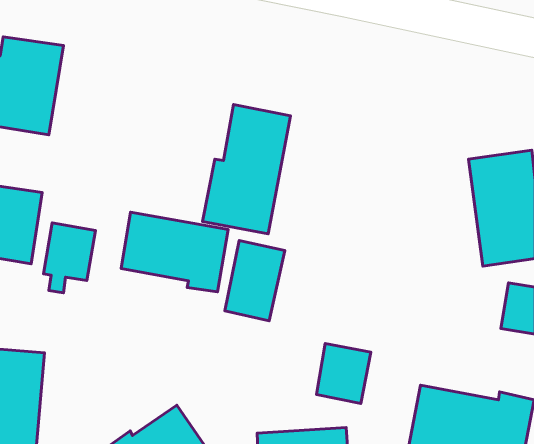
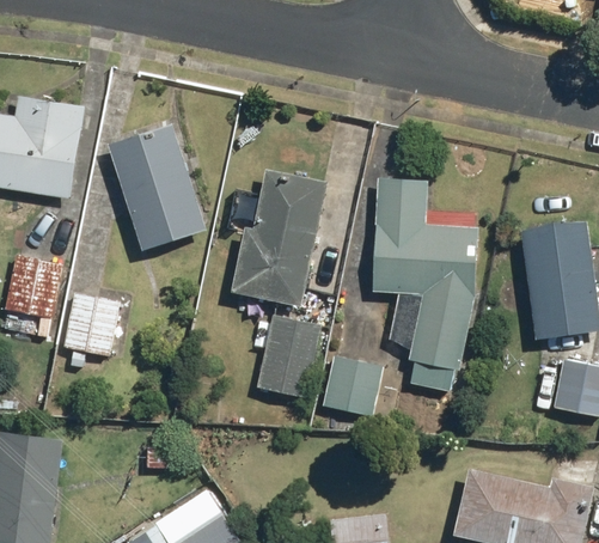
building: none -> [109,123,207,251]
building: none -> [373,177,482,393]
building: [121,212,228,292] -> none
building: [316,343,371,404] -> [324,354,383,419]

